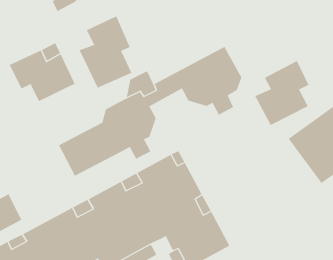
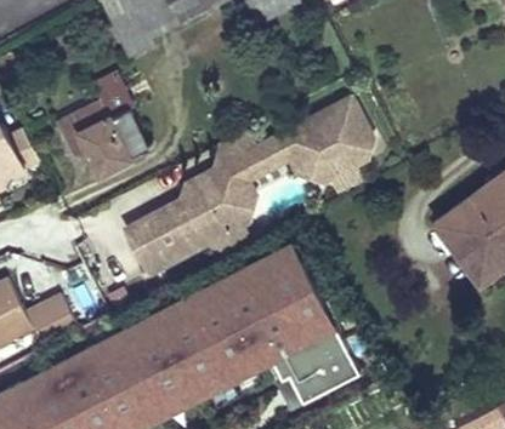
building: [79,16,132,89] -> none
building: [255,60,309,126] -> none

